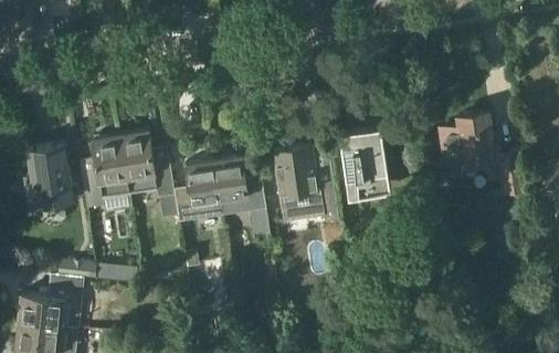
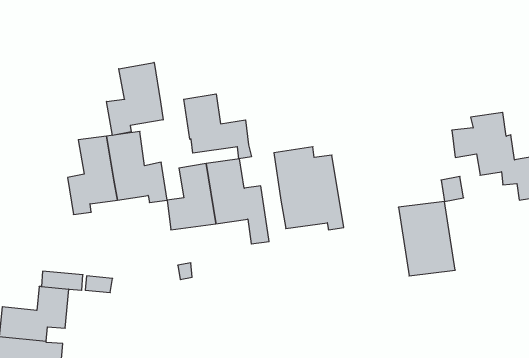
building: none -> [107,62,163,135]
building: none -> [184,94,251,159]
building: [337,128,390,198] -> [398,201,455,276]
building: [25,144,71,206] -> none

